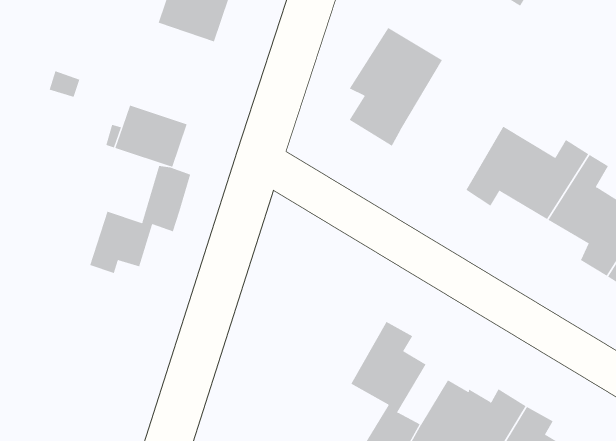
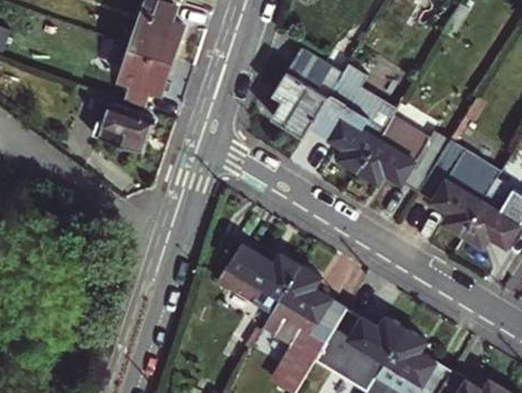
building: none -> [119,44,172,100]
building: none -> [311,60,398,169]
building: [89,165,191,274] -> none
building: none -> [220,245,300,313]

